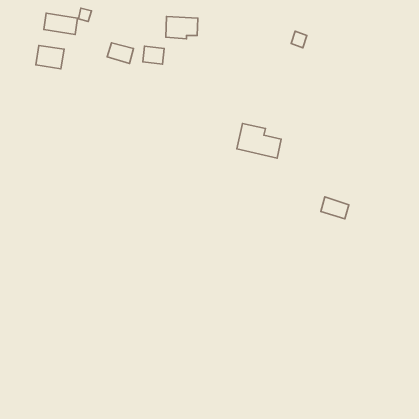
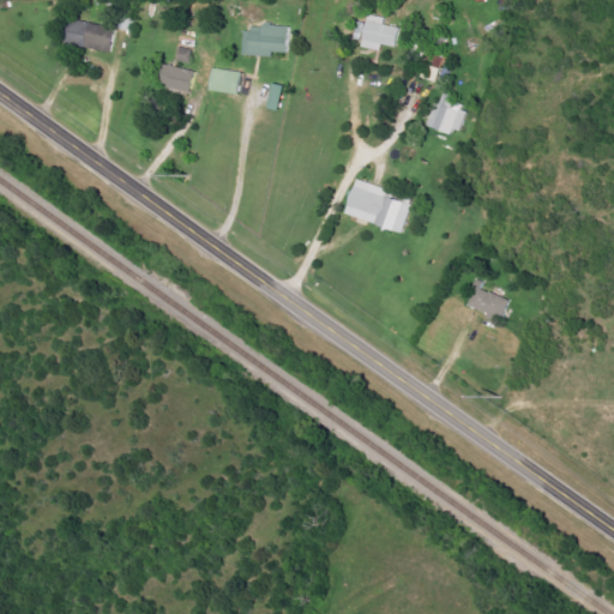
building: none -> [361,14,398,49]
building: [36,45,64,69] -> none
building: none -> [427,90,466,136]

